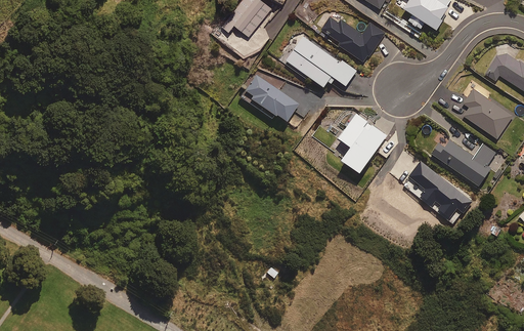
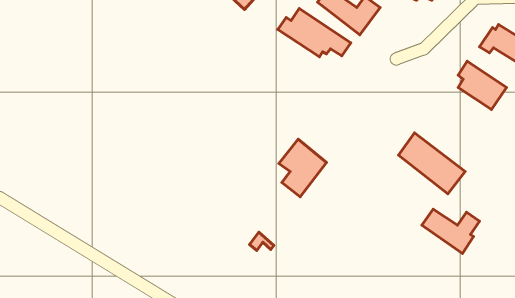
building: [245,75,297,122] -> none
building: [338,112,386,170] -> [279,139,327,197]
building: [438,140,496,185] -> [422,209,480,254]

